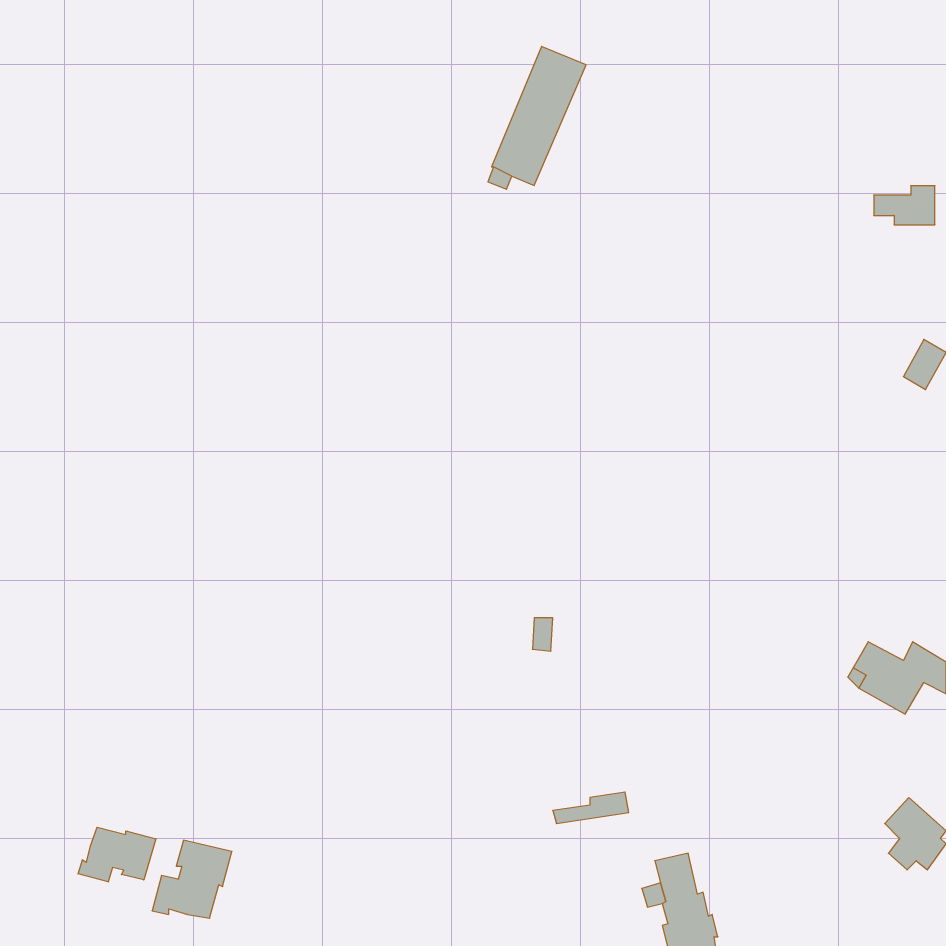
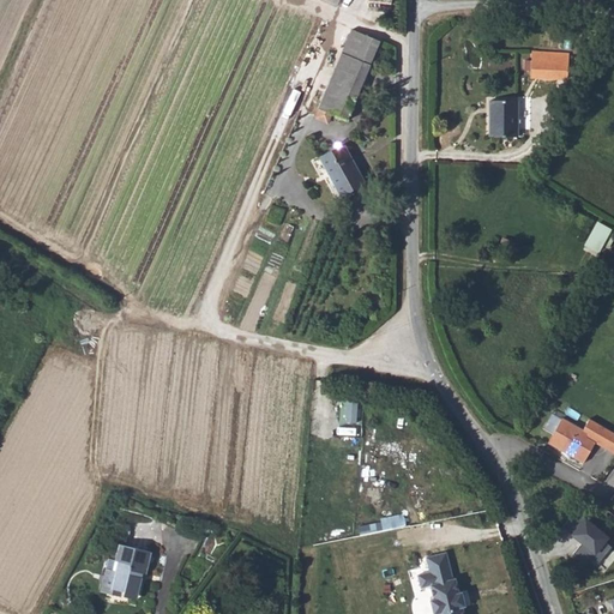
building: none -> [490,100,518,136]
building: [874,186,935,225] -> [526,56,566,82]
building: none -> [318,145,362,198]
building: [78,827,156,882] -> none

